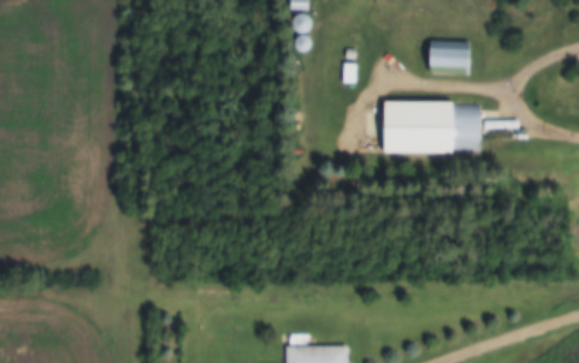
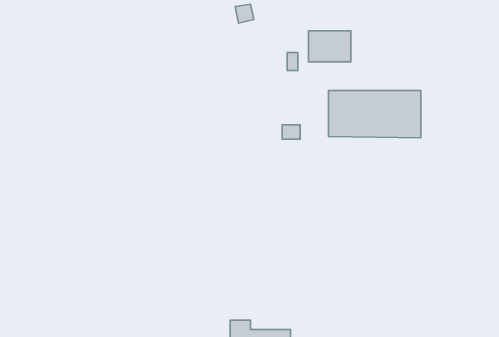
building: [427,43,471,75] -> [308,31,351,62]

